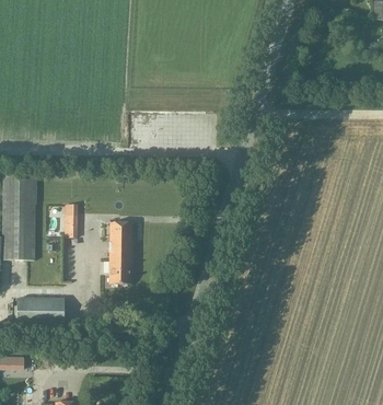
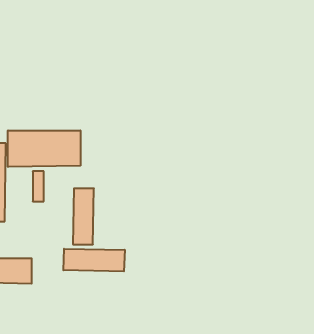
building: none -> [8,130,80,167]
building: none -> [63,249,125,271]

